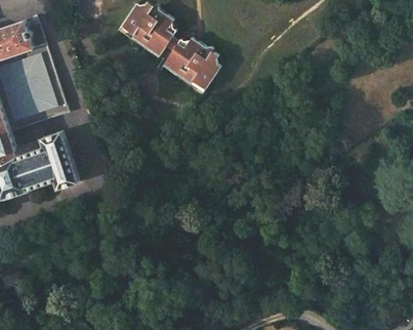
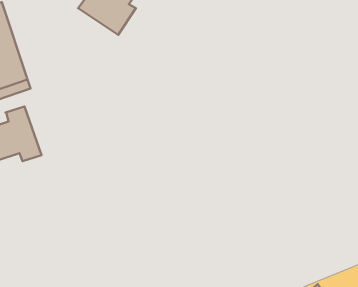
building: [160,37,219,92] -> none

